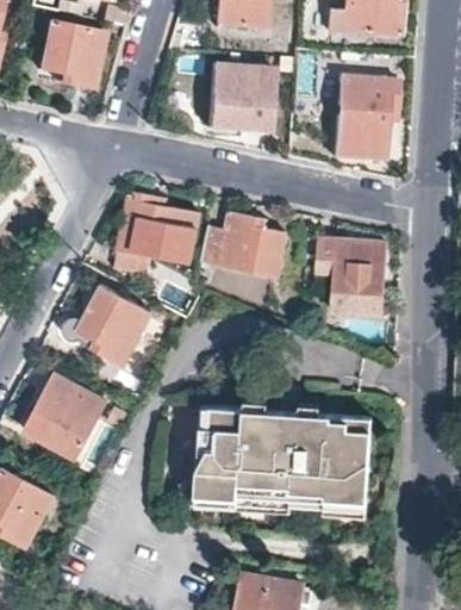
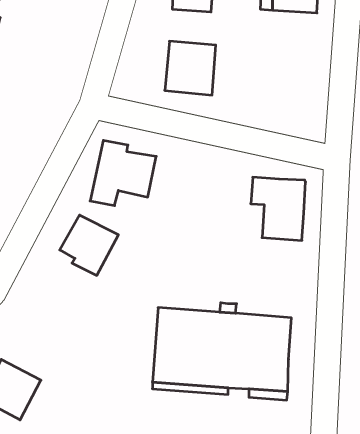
building: [42,25,106,92] -> none
building: [337,76,398,158] -> none
building: [203,212,286,275] -> none
building: [24,373,105,456] -> none

